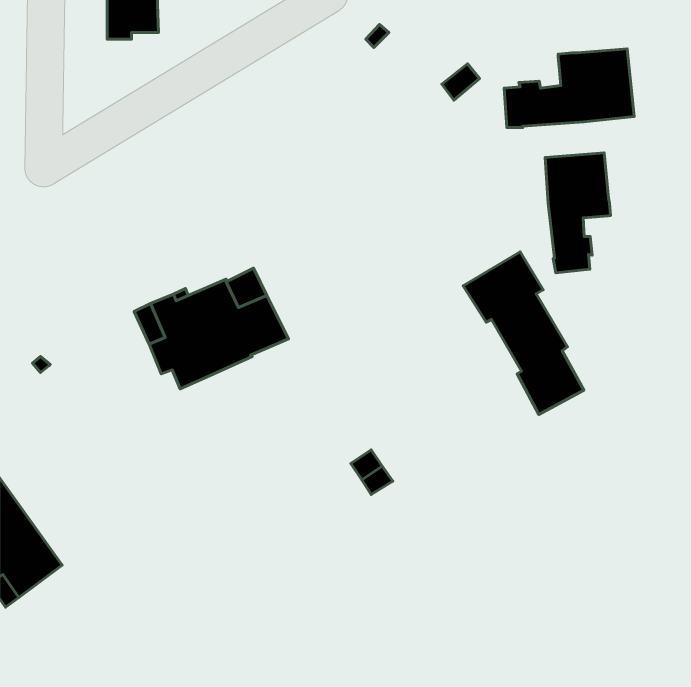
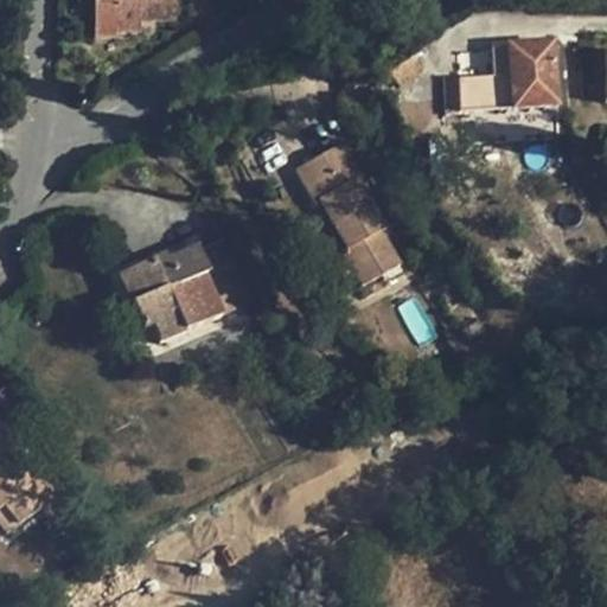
building: [545,153,610,273] -> none
building: [463,252,584,414] -> [294,140,400,282]

